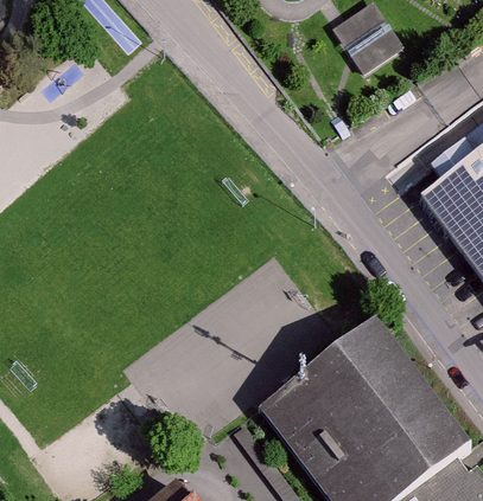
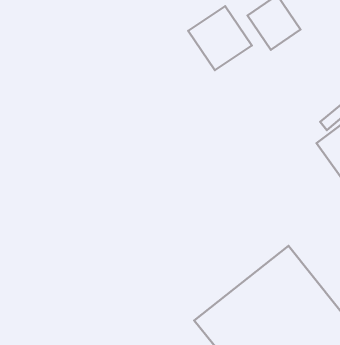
building: none -> [188,6,252,70]

